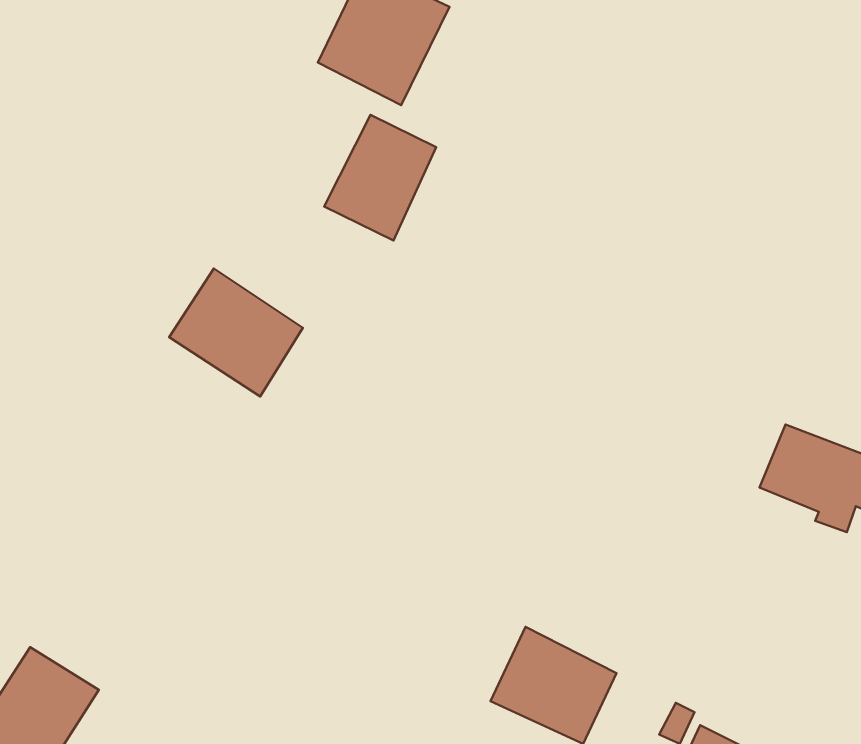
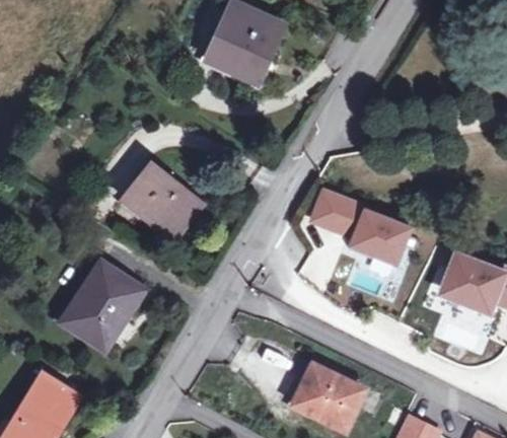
building: [324,115,436,240] -> none
building: none -> [313,190,412,262]
building: none -> [71,267,142,351]

